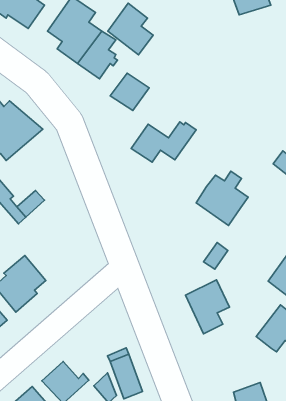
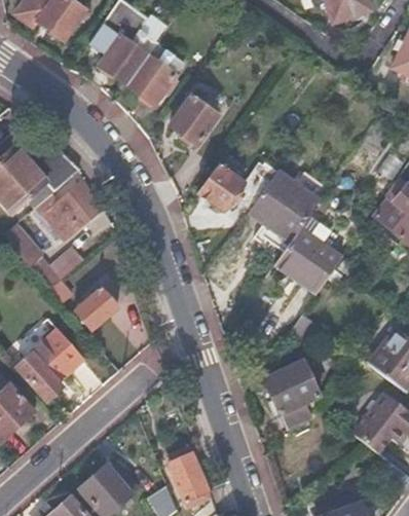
building: [108,3,153,55] -> none
building: none -> [247,171,319,243]
building: none -> [55,181,104,238]
building: none -> [76,289,119,332]

